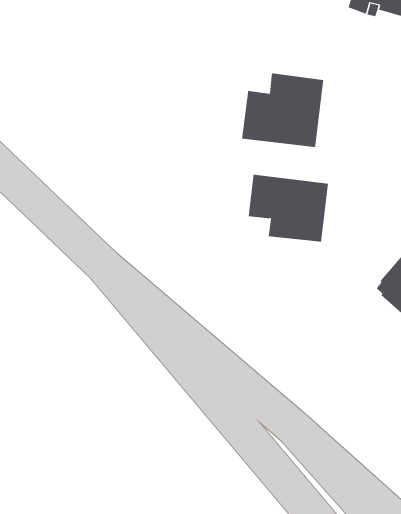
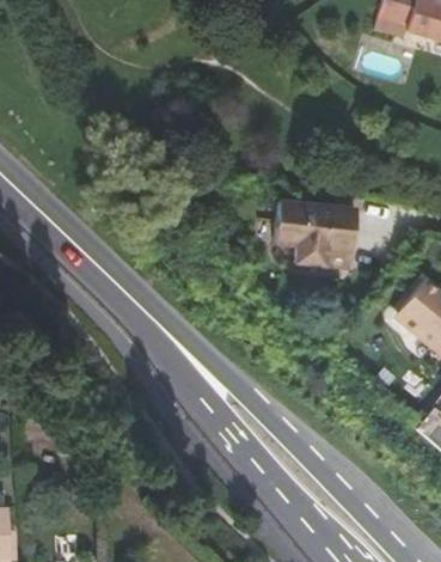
building: [242,72,324,148] -> none

